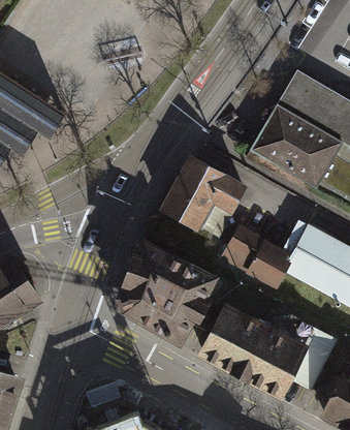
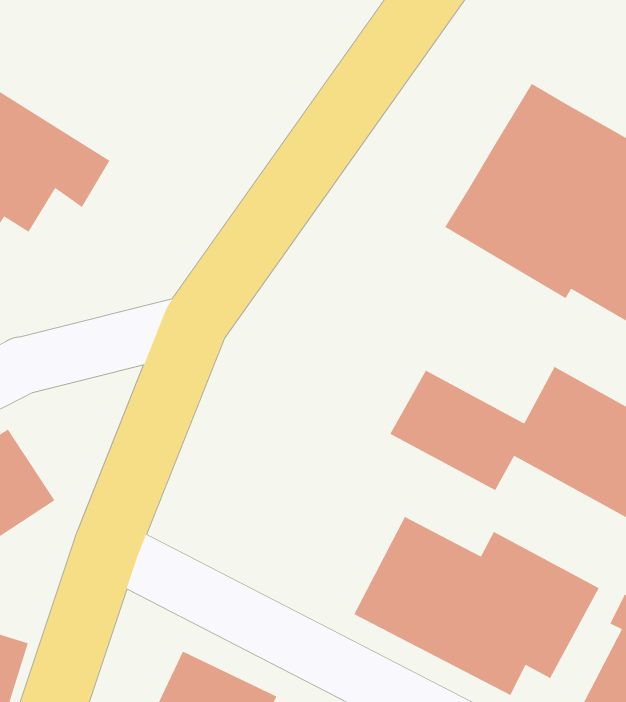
building: [164,158,243,228] -> none
building: [117,239,225,350] -> none

